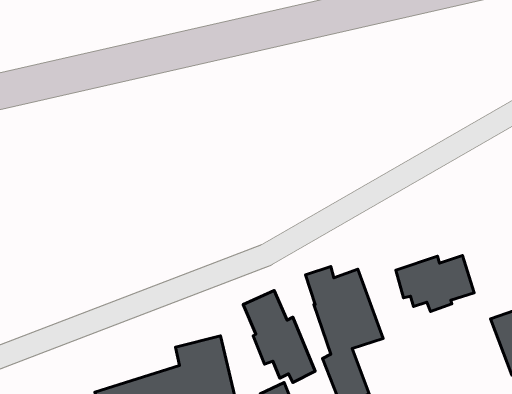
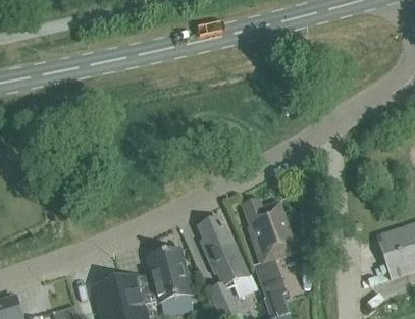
building: [396,256,474,312] -> none

